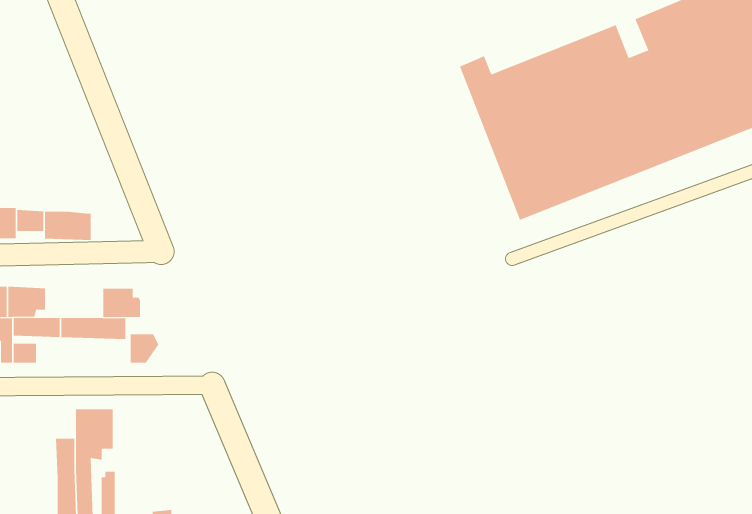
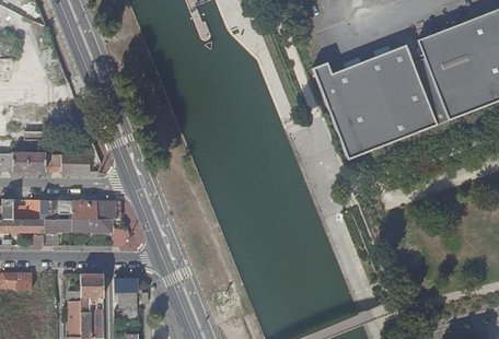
building: none -> [72,200,97,218]
building: none -> [115,278,138,309]

